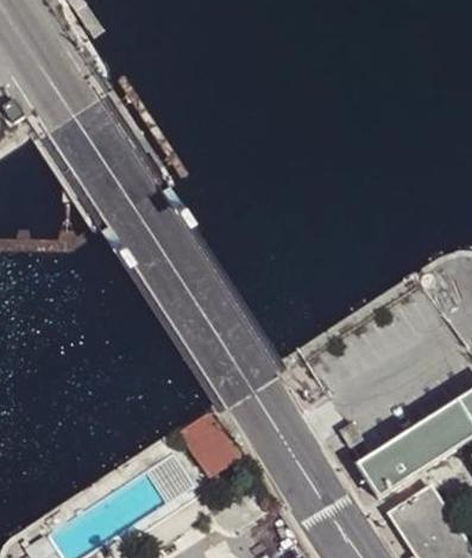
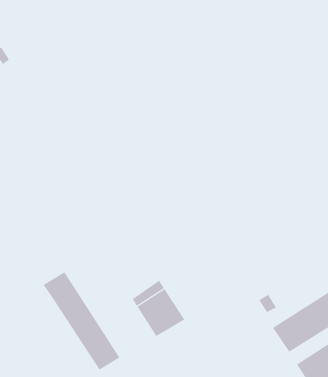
building: none -> [43,271,120,371]

